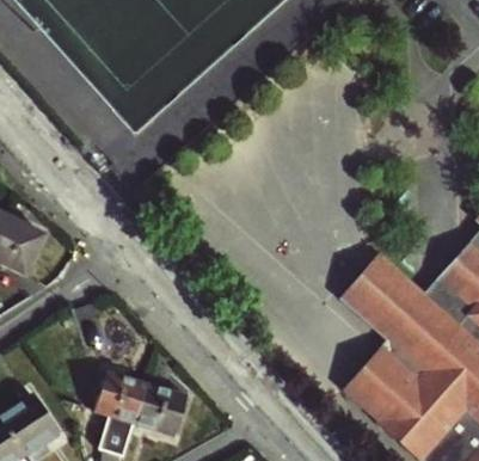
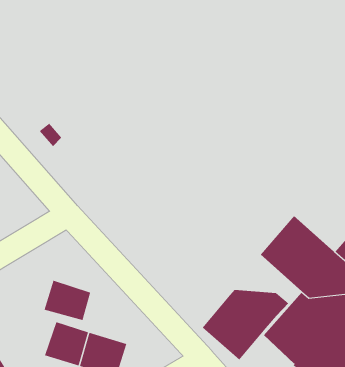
building: none -> [44,280,91,321]
building: none -> [202,289,289,361]

